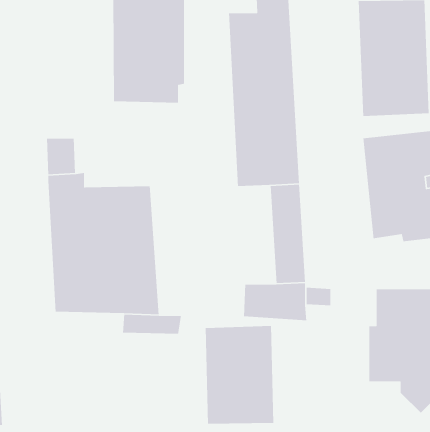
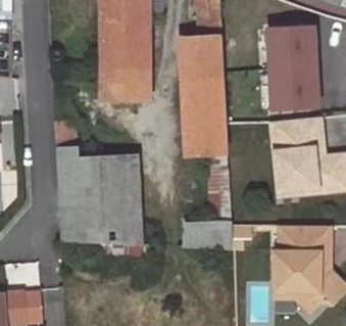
building: [205,325,274,425] -> none

